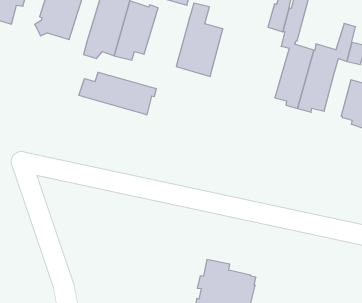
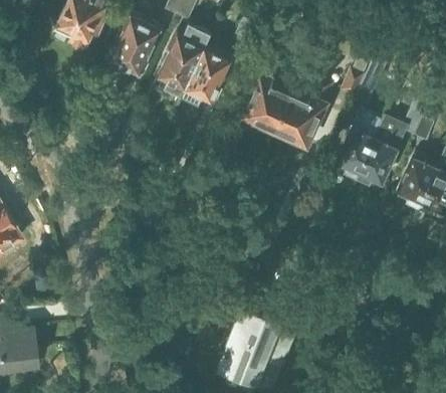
building: none -> [274,78,333,146]
building: [79,72,156,115] -> none

